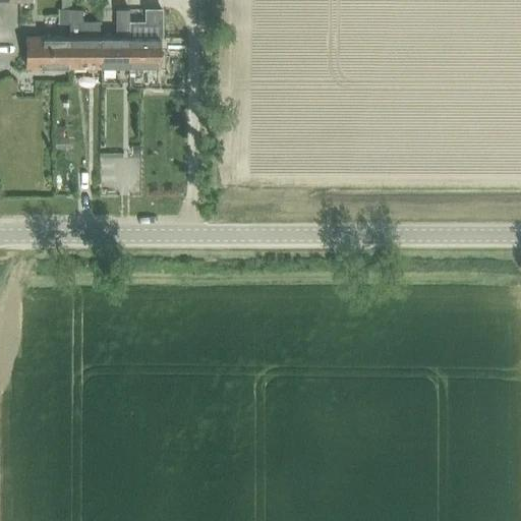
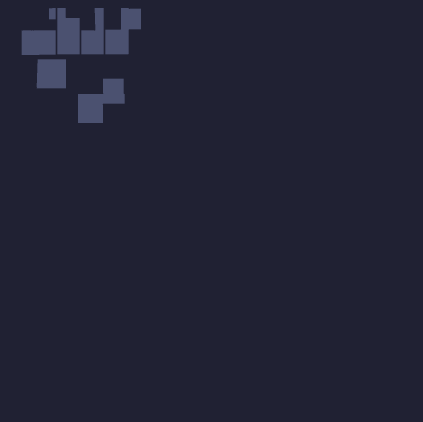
building: none -> [36,59,67,89]
building: none -> [77,78,125,124]

